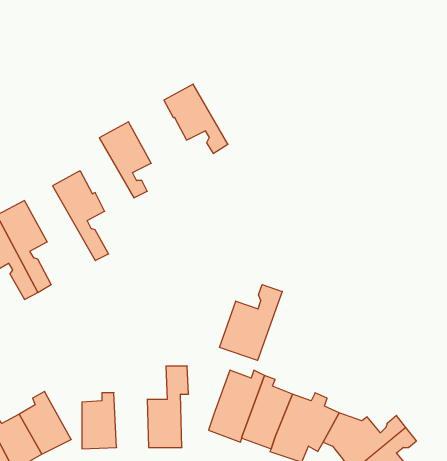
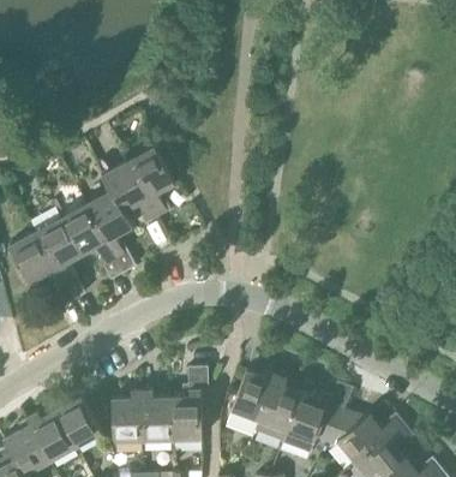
building: [164,84,228,153] -> [101,162,158,225]
building: none -> [60,205,124,281]
building: [220,285,282,360] -> none
building: none -> [140,392,172,441]

